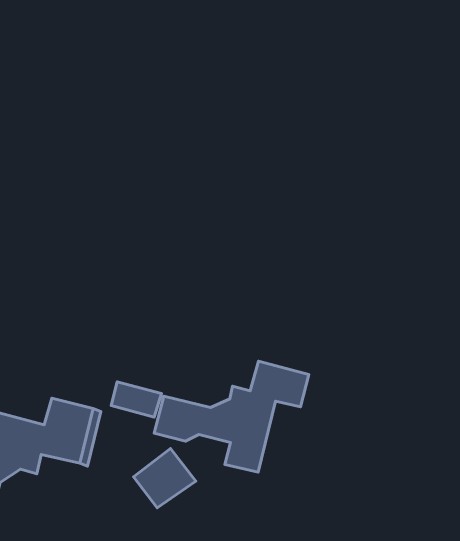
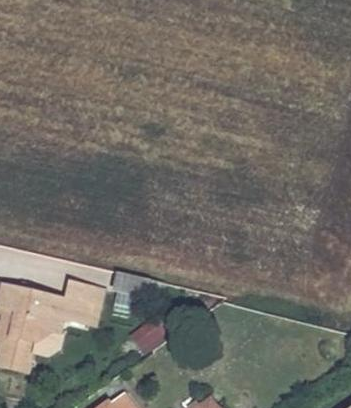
building: [154,361,309,472] -> none

